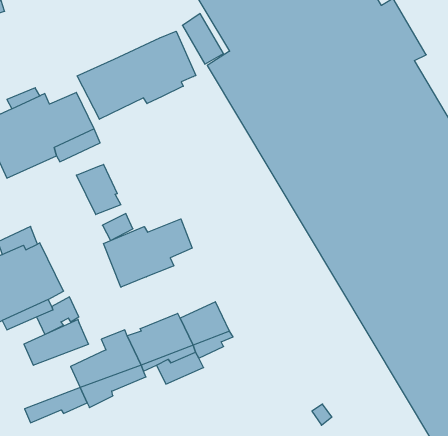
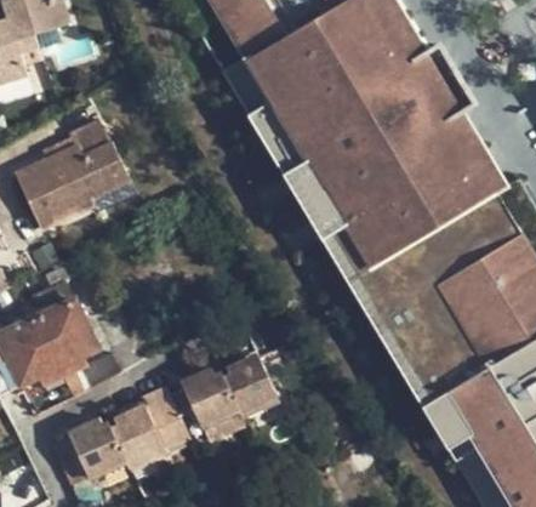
building: [77,31,196,119] -> none
building: [76,164,121,215] -> none
building: [103,219,192,287] -> none
building: [24,319,89,365] -> [50,421,116,468]

